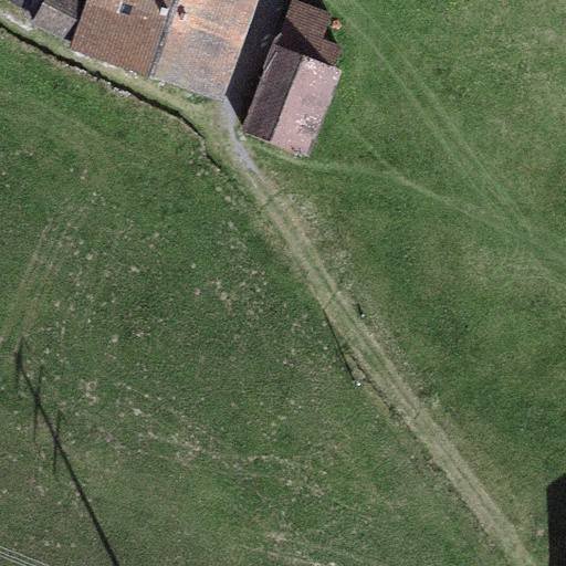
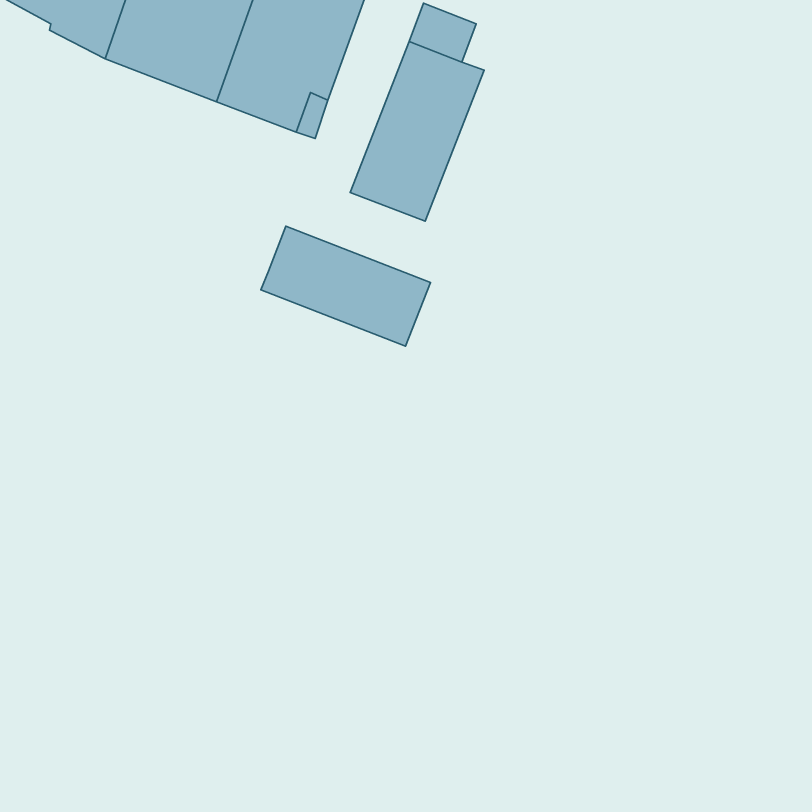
building: none -> [261,226,431,346]

